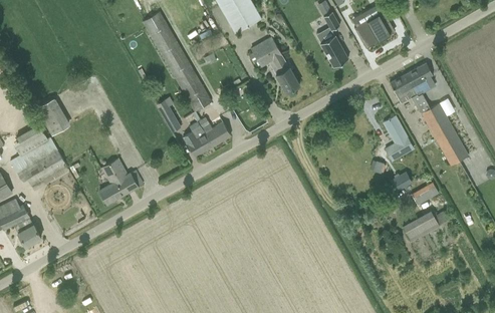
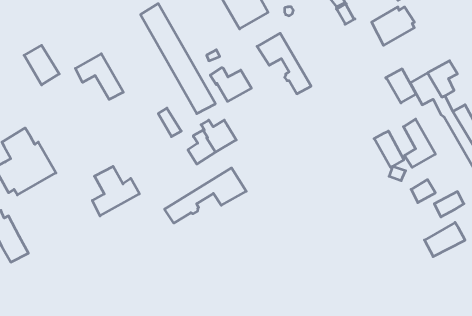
building: [319,35,347,66] -> [386,69,416,103]
building: none -> [75,54,123,99]
building: none -> [210,68,251,101]
building: [41,98,73,134] -> [24,45,59,85]
building: none -> [374,131,404,167]
building: none -> [165,168,246,223]

